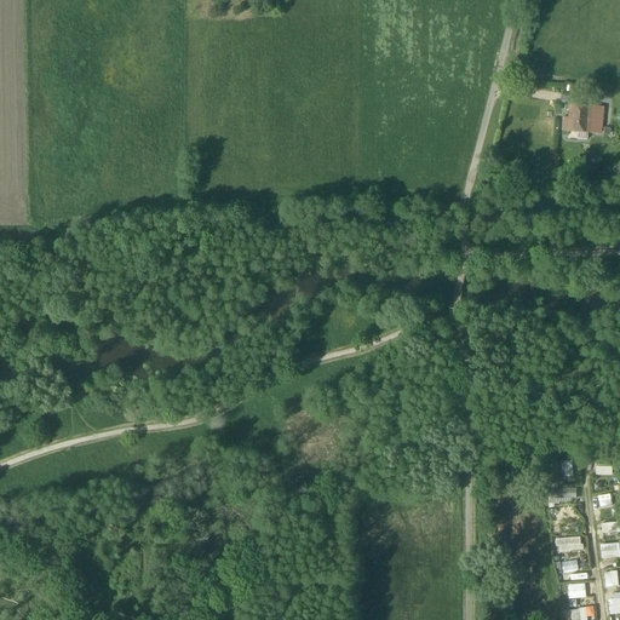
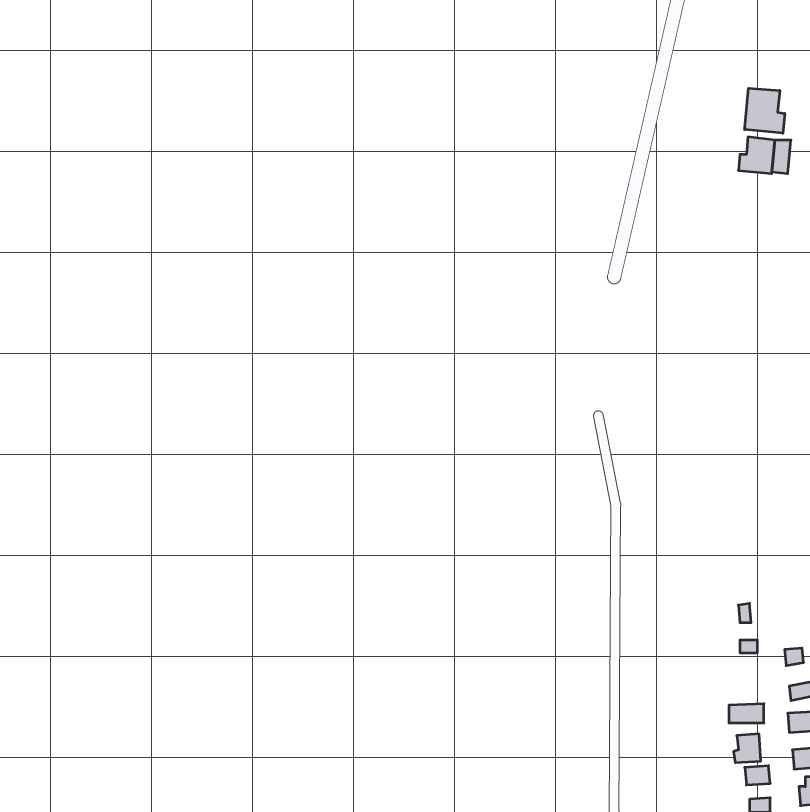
building: none -> [745,88,785,133]

